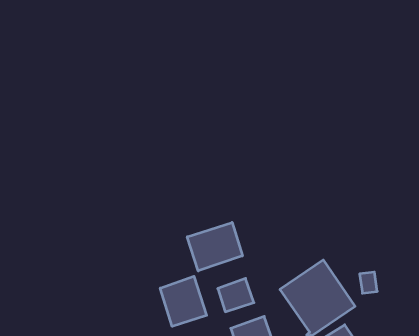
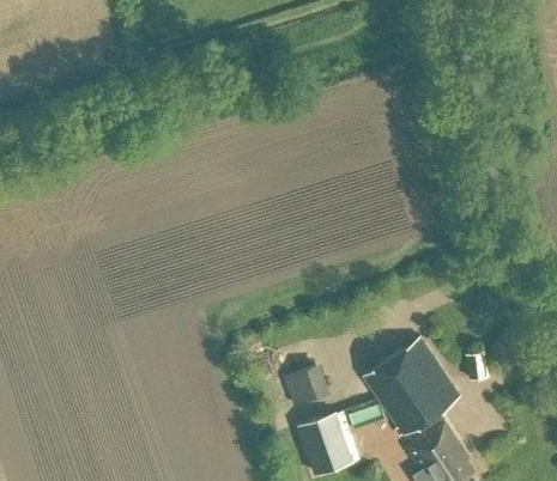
building: [187,222,242,271] -> none
building: [160,276,207,326] -> none

